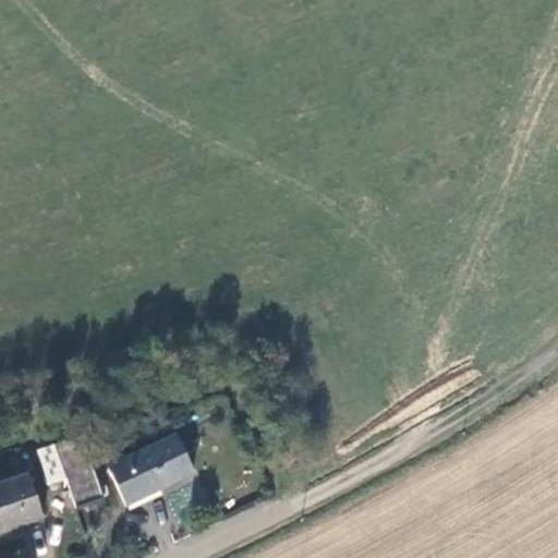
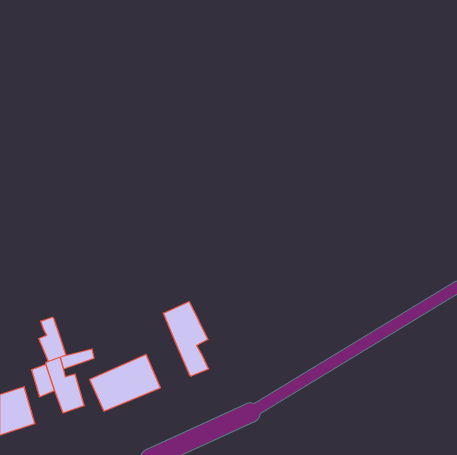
building: none -> [163,302,209,376]
building: none -> [39,317,66,361]

